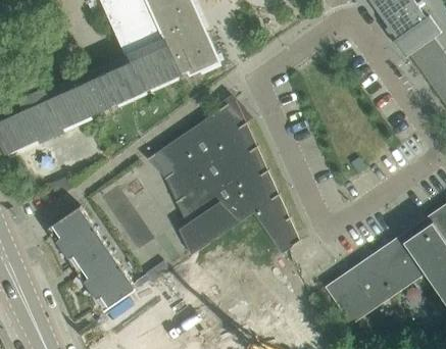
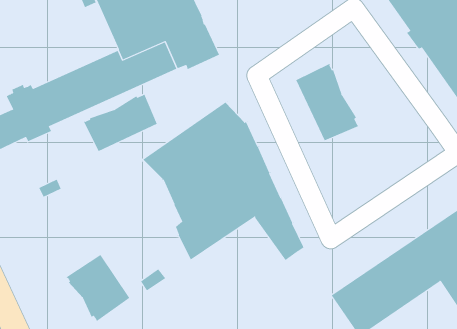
building: none -> [296,63,359,141]
building: none -> [83,94,158,152]
building: [47,206,108,269] -> none

